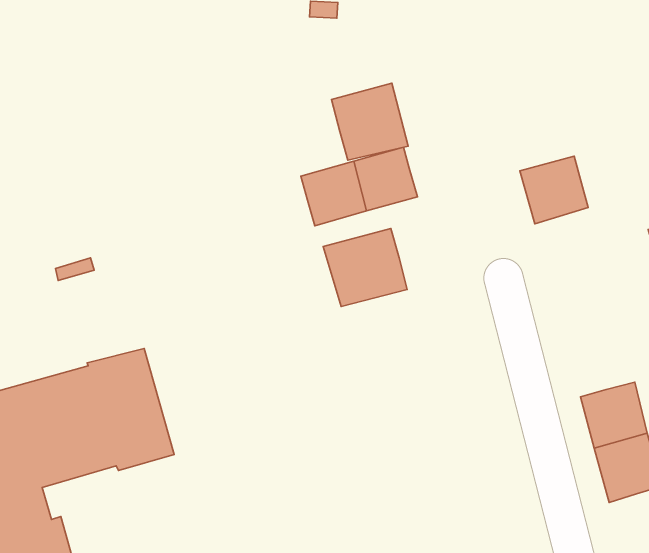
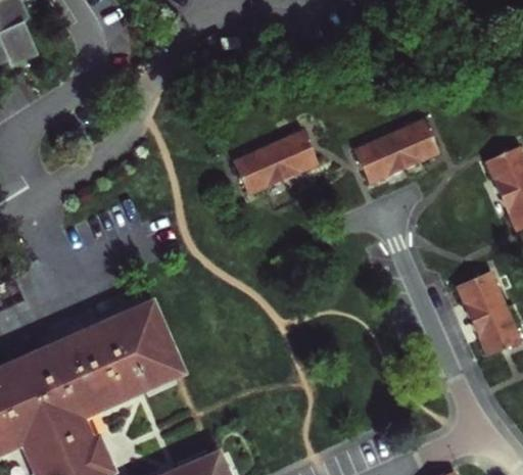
building: [331,83,408,160] -> none
building: none -> [355,135,406,186]
building: [323,228,407,307] -> none

